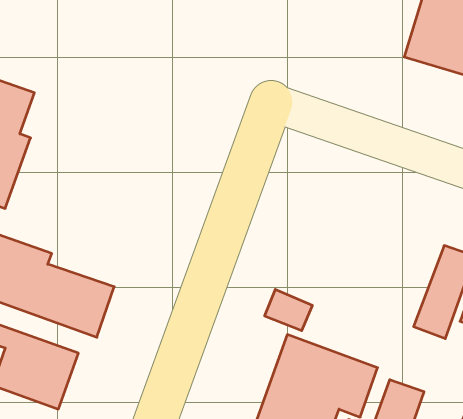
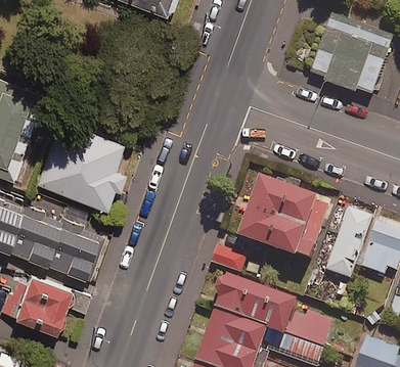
building: none -> [36,119,124,209]
building: none -> [237,180,317,265]

